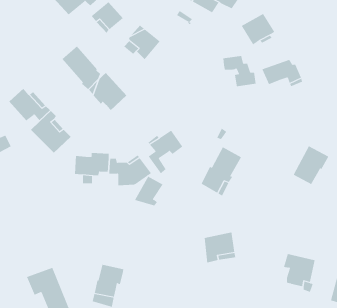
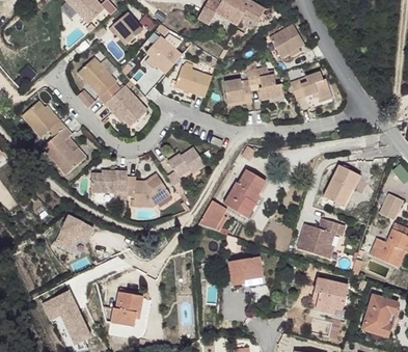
building: none -> [176,65,213,96]
building: none -> [223,73,252,98]
building: [134,176,164,206] -> [198,199,229,232]
building: none -> [53,217,92,255]
building: none -> [297,218,344,259]

